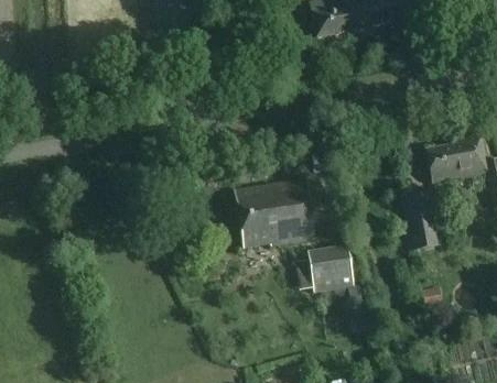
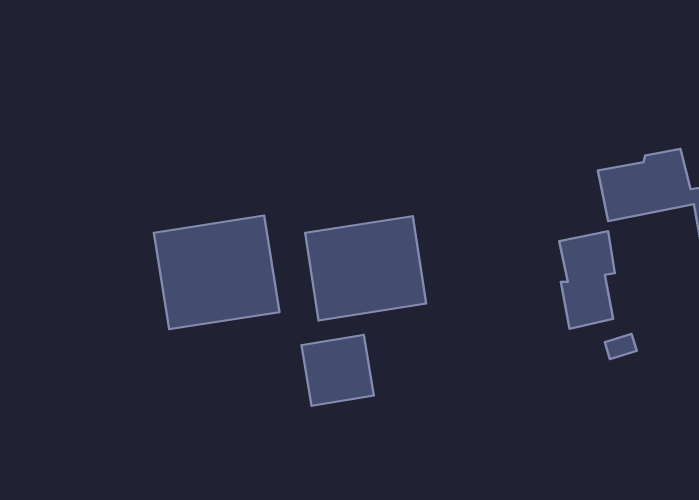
building: none -> [154,216,280,329]
building: [307,245,355,292] -> [302,335,374,406]

